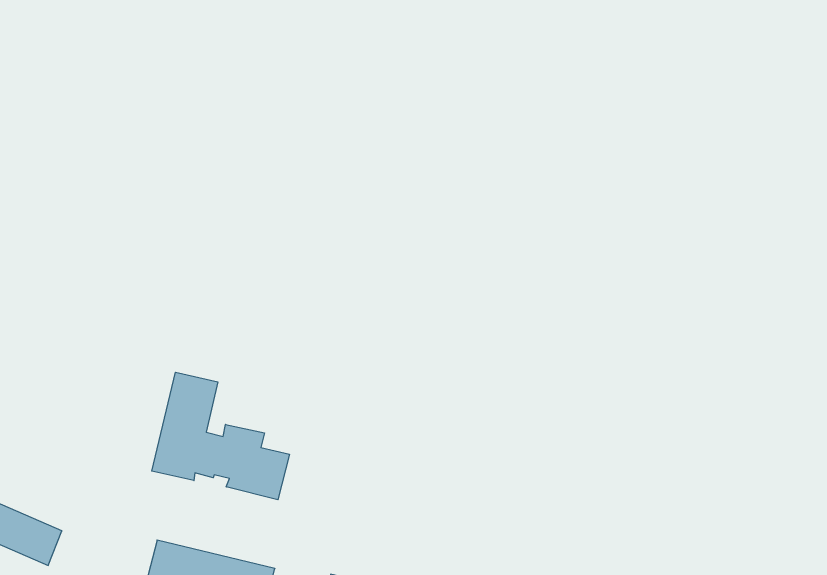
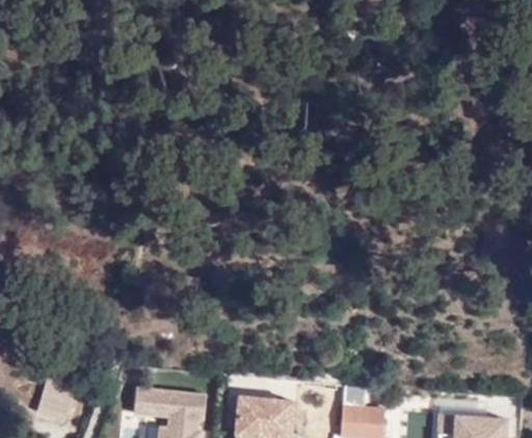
building: [152,372,289,500] -> none

